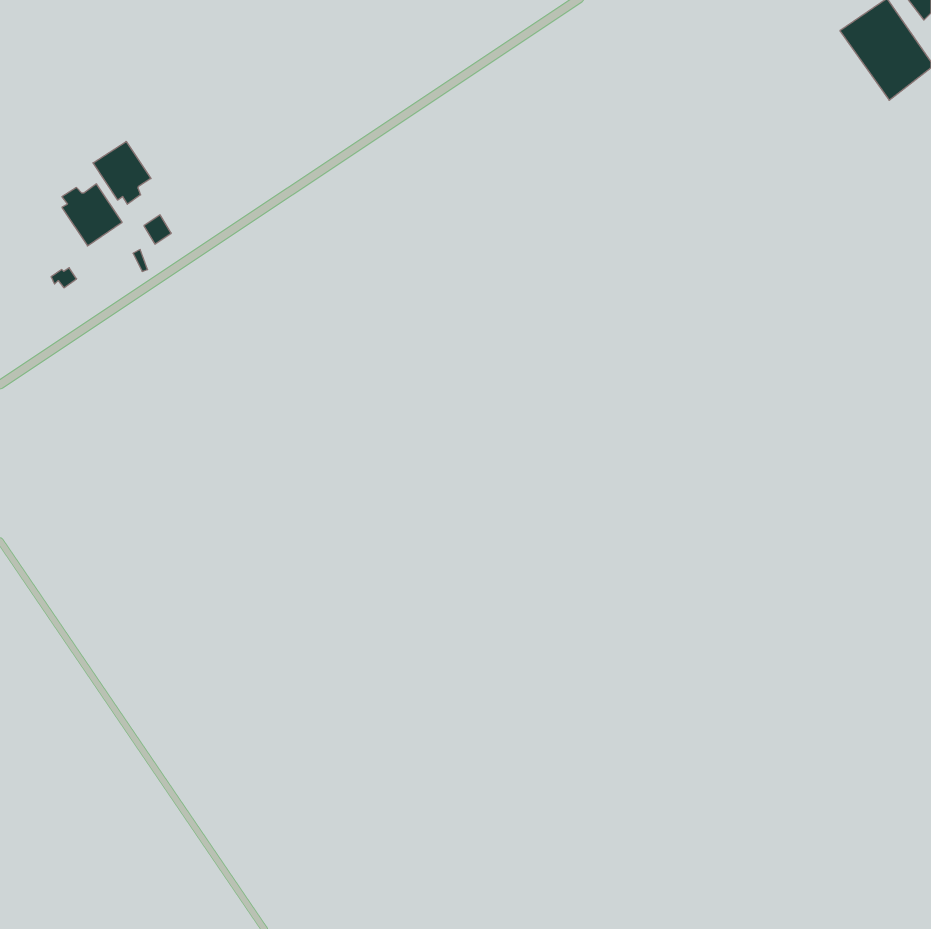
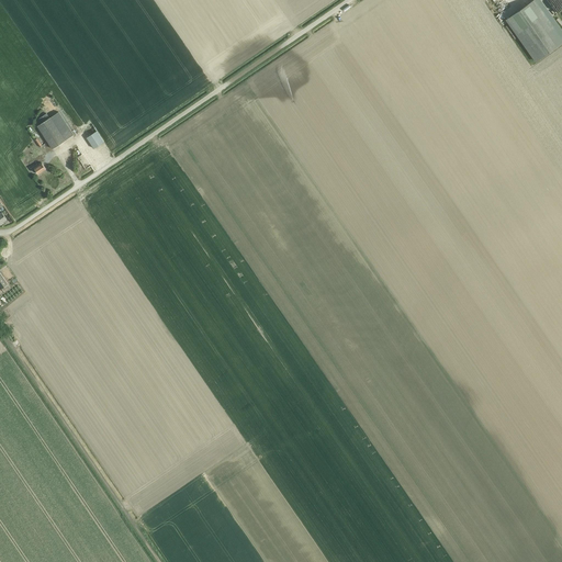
building: [93,141,151,204] -> none

